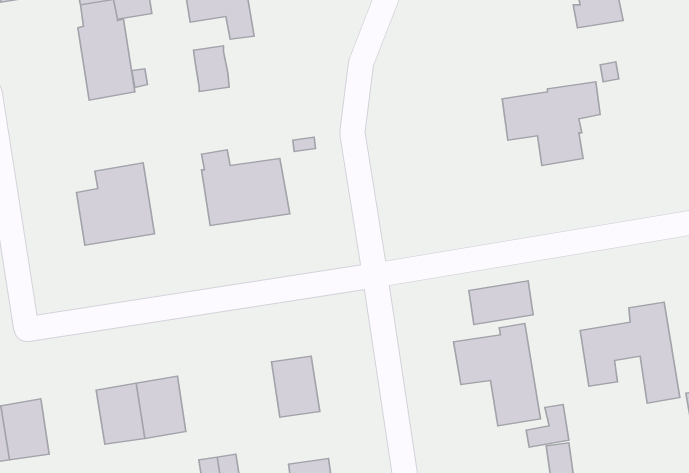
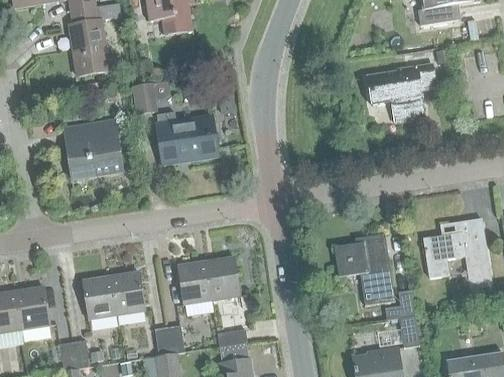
building: [194,46,229,91] -> [132,82,157,114]
building: [469,281,533,325] -> none
building: none -> [177,260,211,303]

